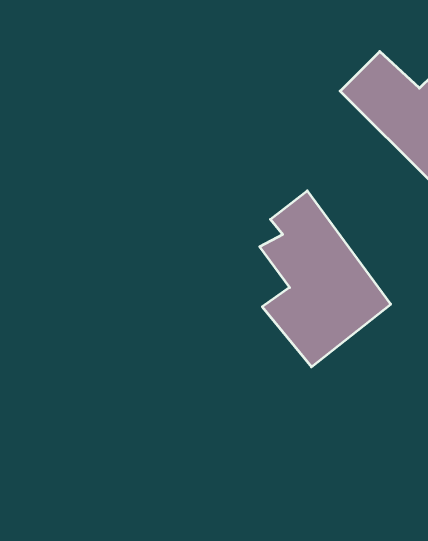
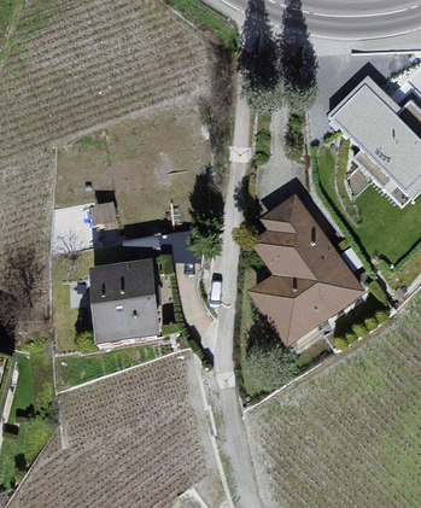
building: none -> [87,259,159,346]

